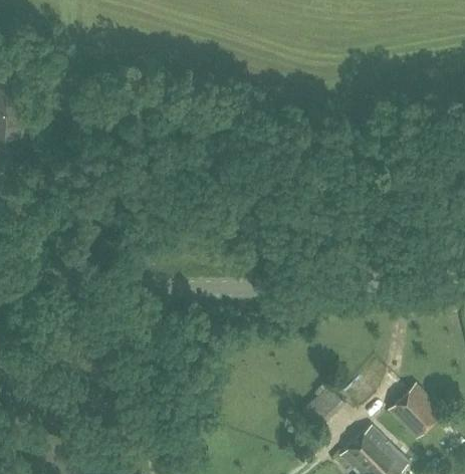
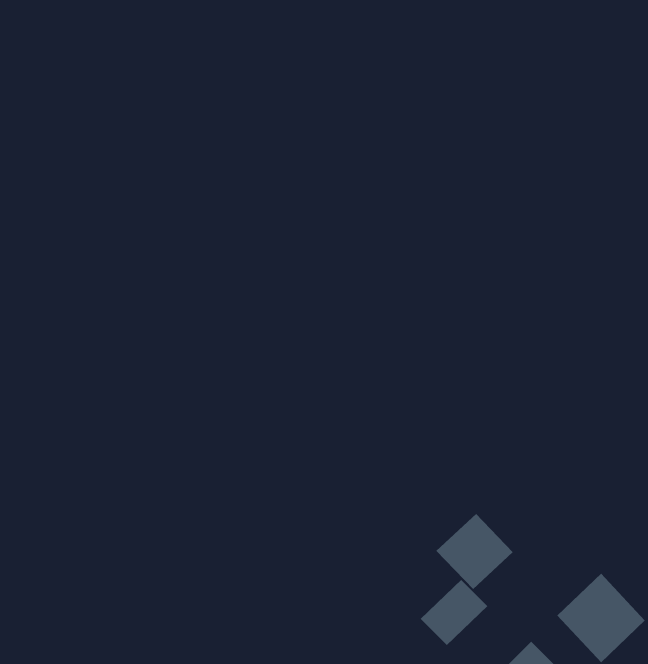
building: none -> [436,513,514,590]

